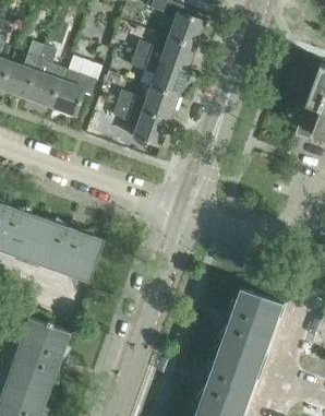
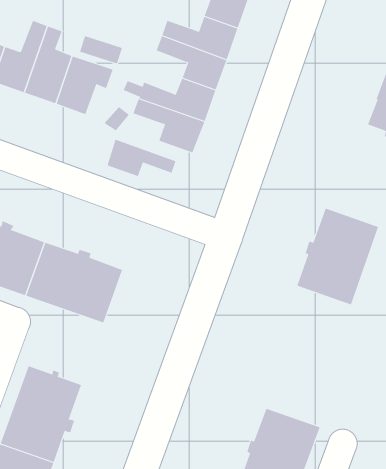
building: none -> [107,139,176,177]
building: [217,288,282,366] -> [296,208,379,305]

